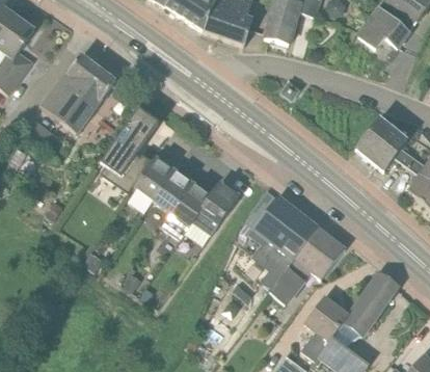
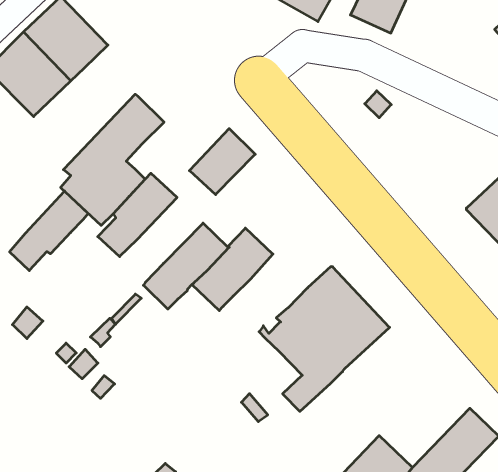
building: [153,168,192,211] -> [189,129,255,195]
building: none -> [10,191,88,271]
building: [295,229,345,278] -> none
building: [270,269,304,304] -> none

